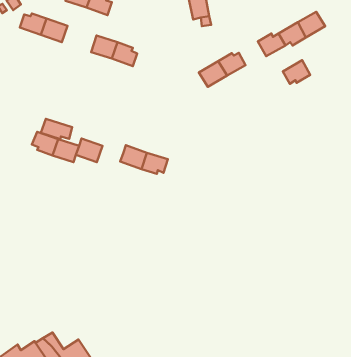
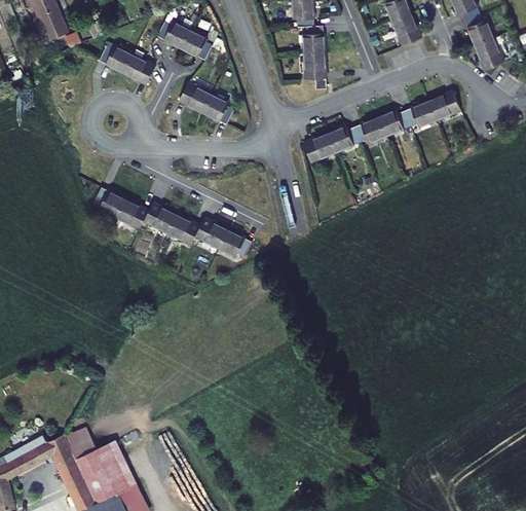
building: [283,60,310,84] -> [353,117,385,143]
building: [41,119,72,139] -> none
building: none -> [167,215,200,245]

